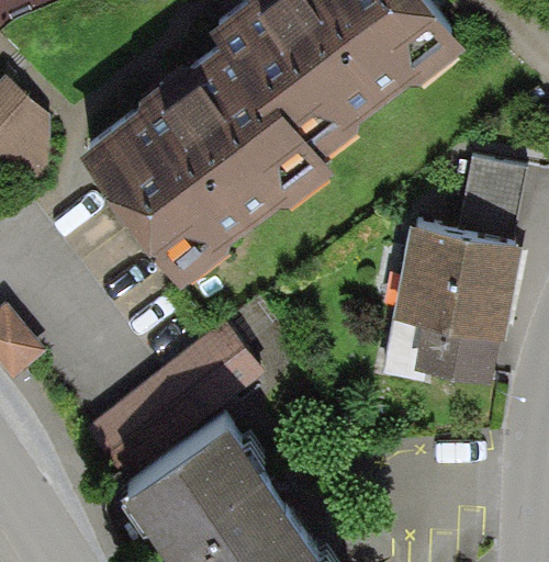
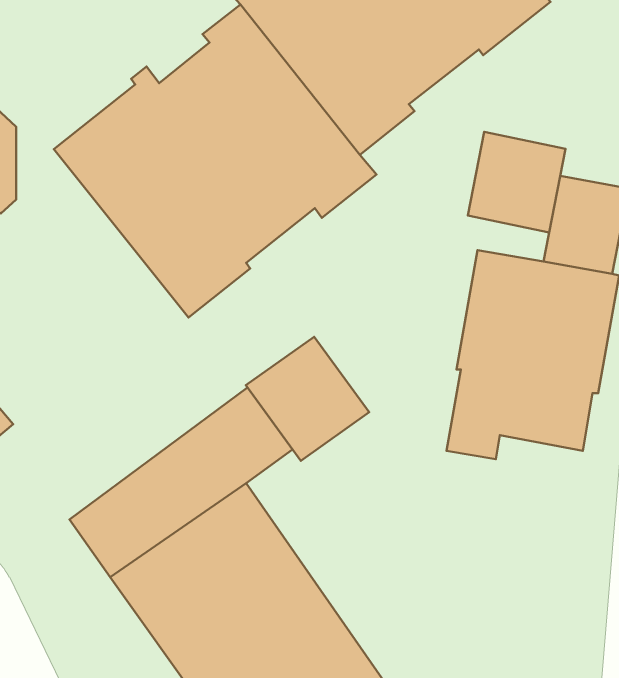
building: none -> [468,132,566,232]
building: none -> [246,337,369,461]

